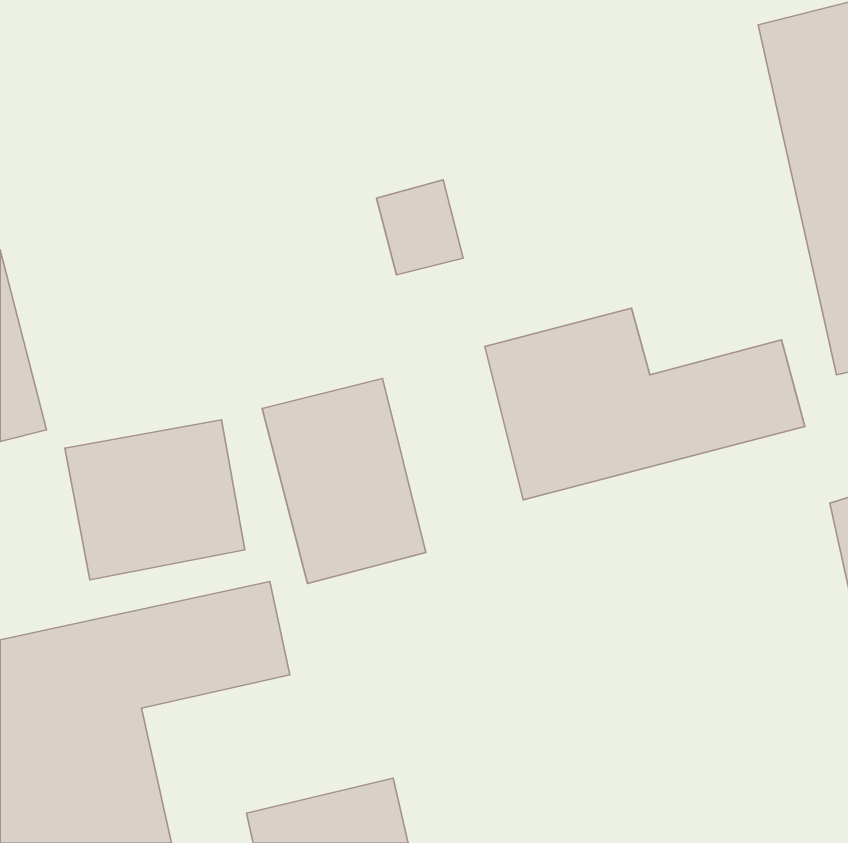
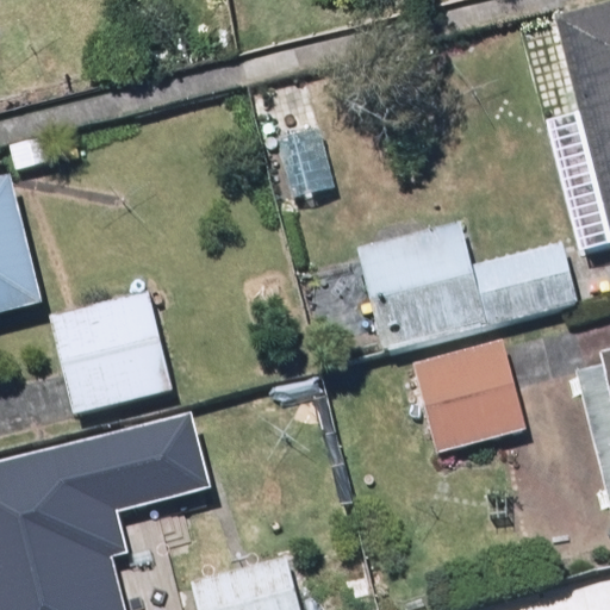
building: [262,379,426,583] -> none
building: none -> [405,336,525,459]

